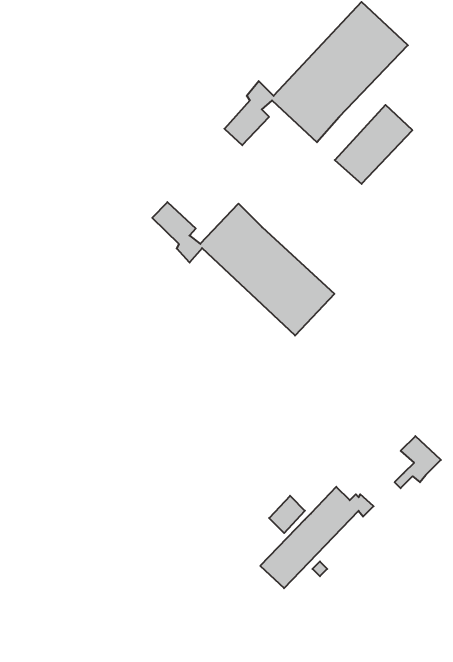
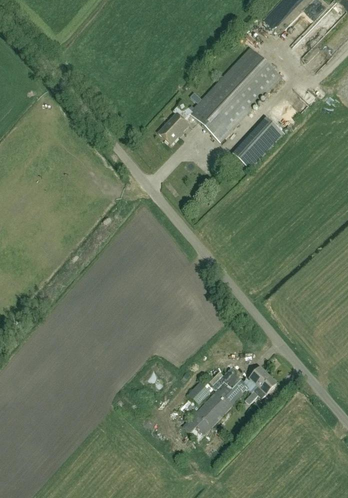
building: [152,202,334,336] -> none
building: [395,436,441,488] -> [246,366,277,401]

